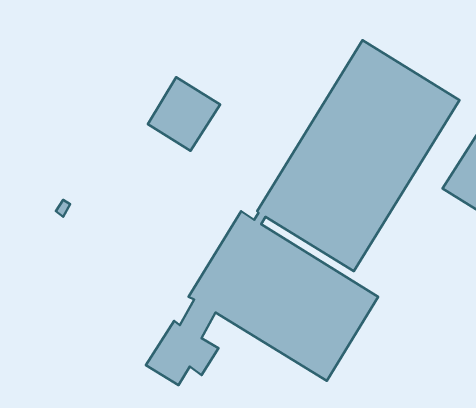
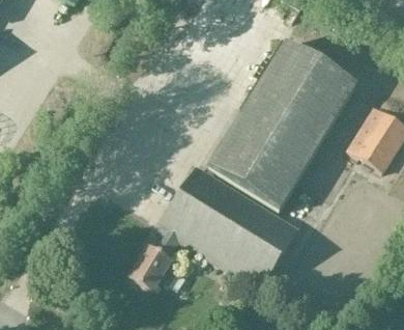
building: [148,77,220,151] -> none

